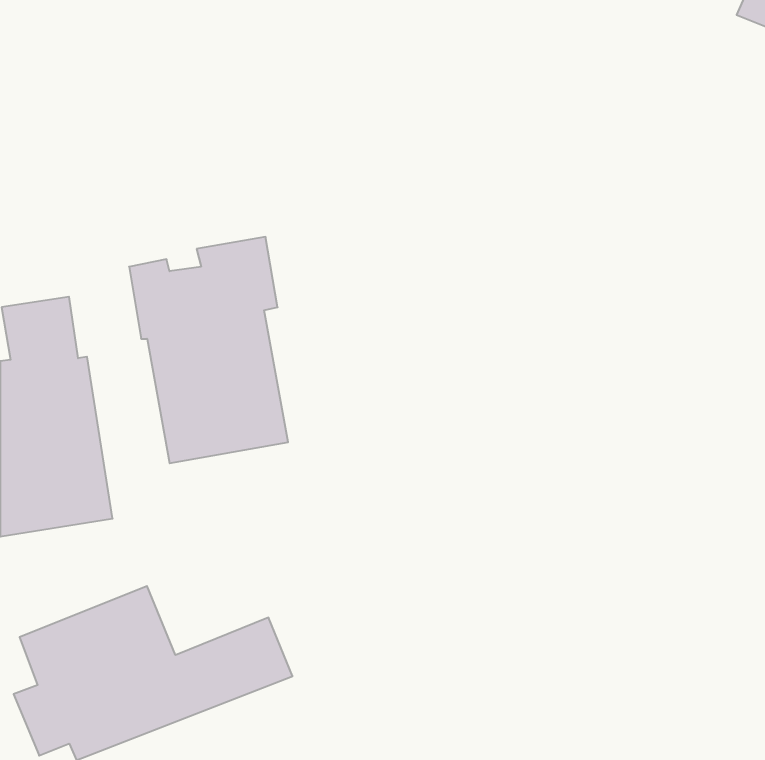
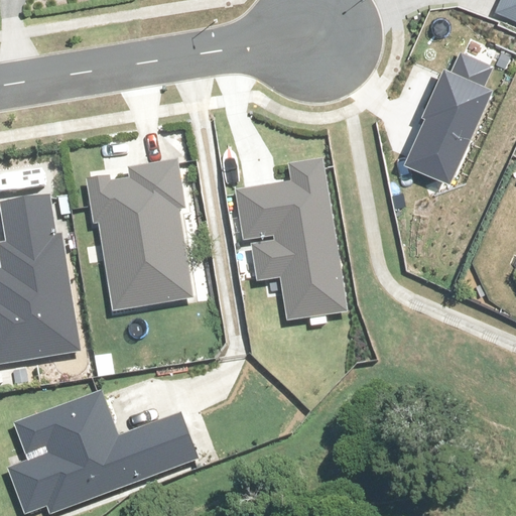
building: none -> [399,55,495,176]
building: none -> [241,166,348,319]

